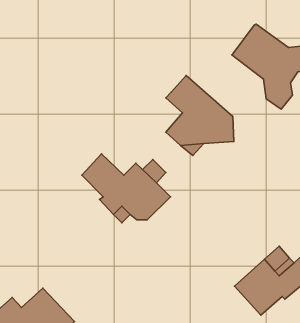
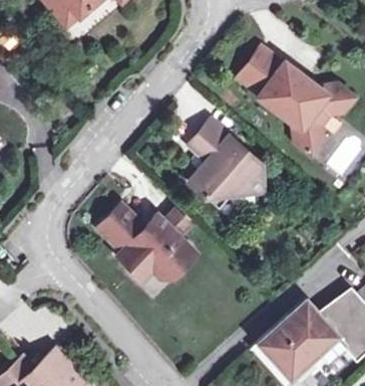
building: none -> [239,47,283,95]

